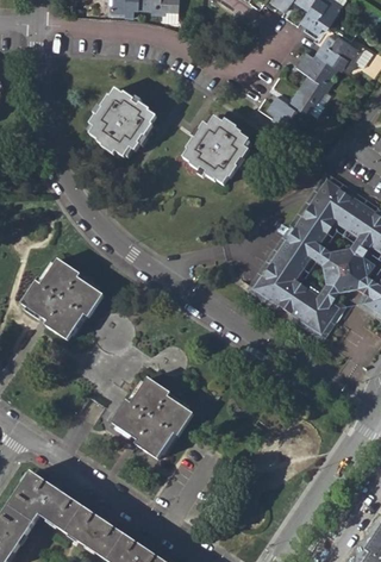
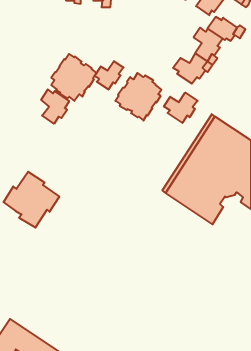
building: none -> [94,61,124,90]
building: none -> [41,89,69,124]
building: none -> [164,93,198,123]
building: [111,370,196,457] -> none

